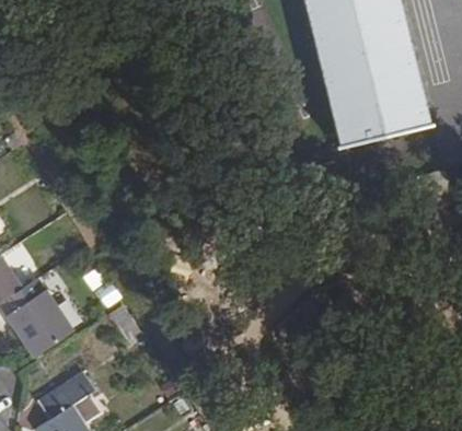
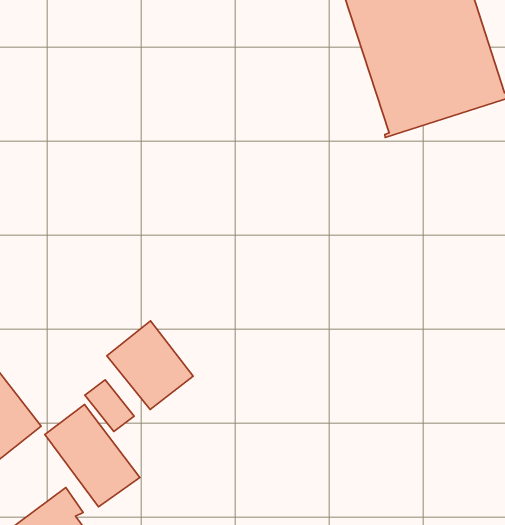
building: none -> [107,321,193,410]
building: none -> [45,404,140,507]

